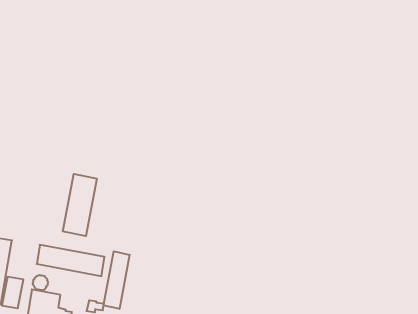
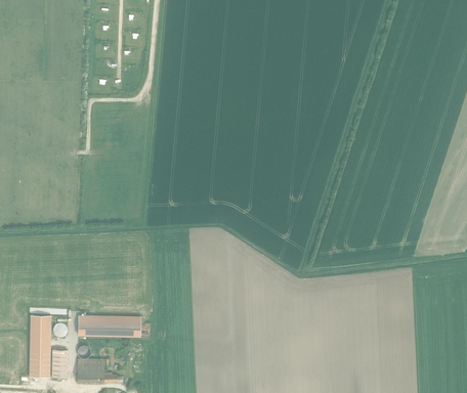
building: [63,174,97,236] -> none
building: [104,251,130,309] -> none

